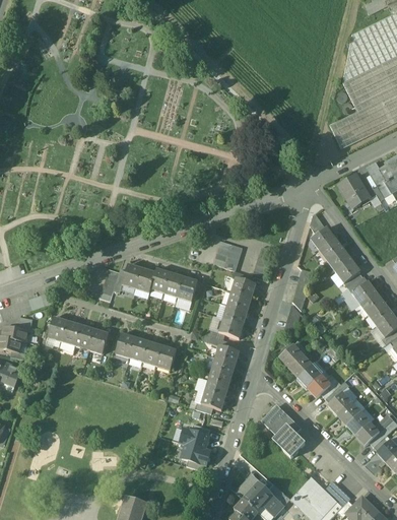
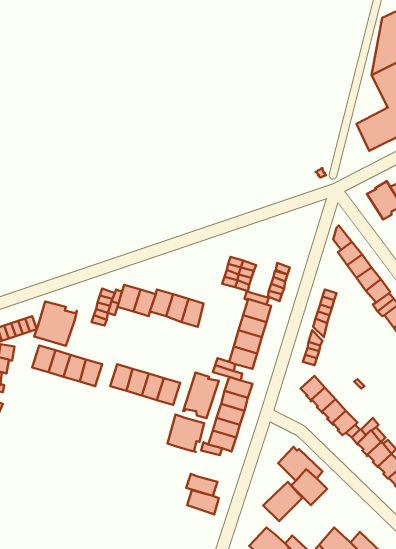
building: none -> [34,301,77,346]
building: none -> [183,373,219,418]
building: none -> [167,415,204,452]
building: none -> [263,482,302,521]

